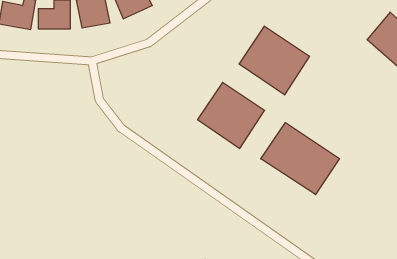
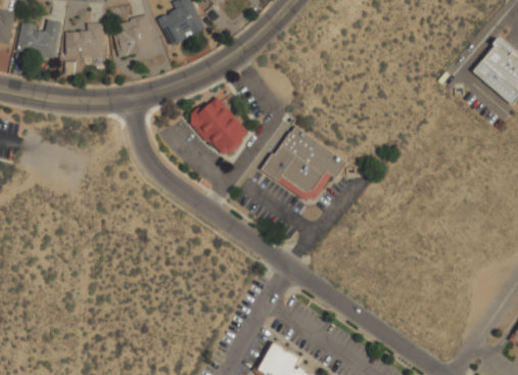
building: [239,26,309,95] -> none
building: none -> [188,94,249,158]
building: [261,123,339,195] -> none

